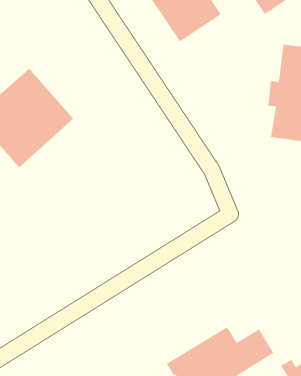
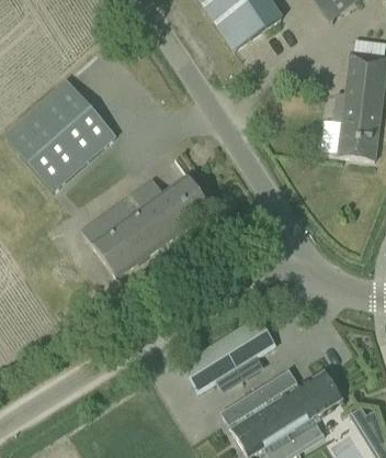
building: none -> [82,176,212,278]
building: none -> [180,317,275,394]

